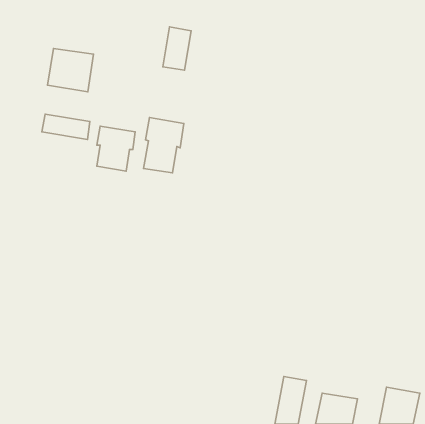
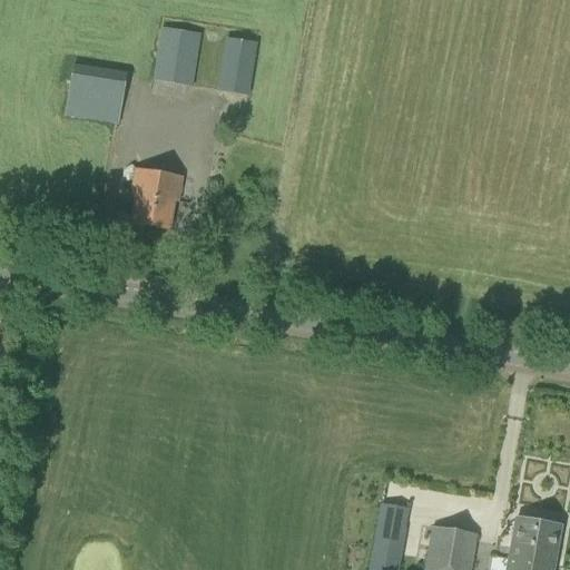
building: none -> [154,26,203,85]
building: [42,114,90,139] -> none
building: [144,118,184,173] -> none

